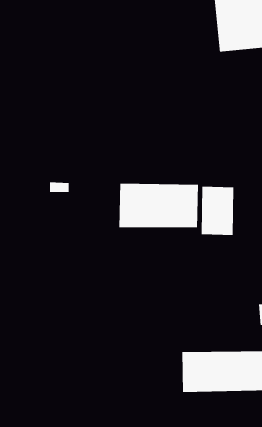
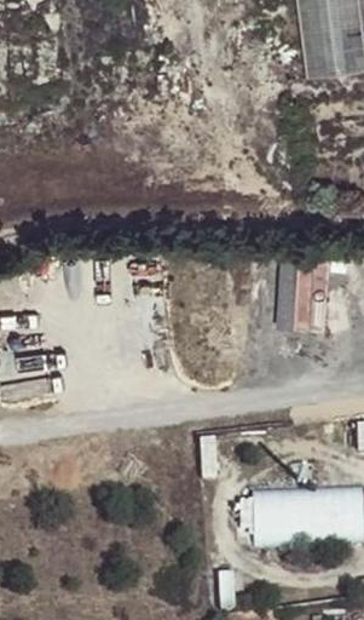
building: [119,183,198,228] -> none

